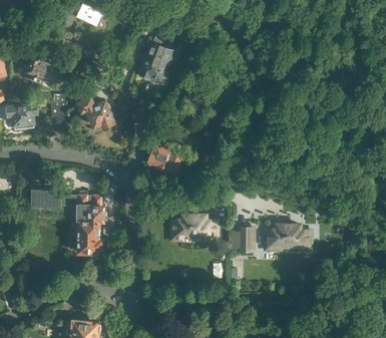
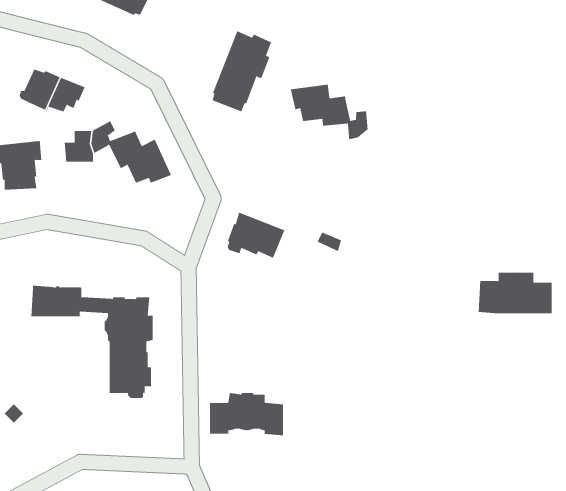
building: none -> [290,84,368,140]
building: [171,216,217,242] -> [209,392,284,436]
building: [266,226,311,251] -> [478,272,553,314]
building: [237,227,255,253] -> none

